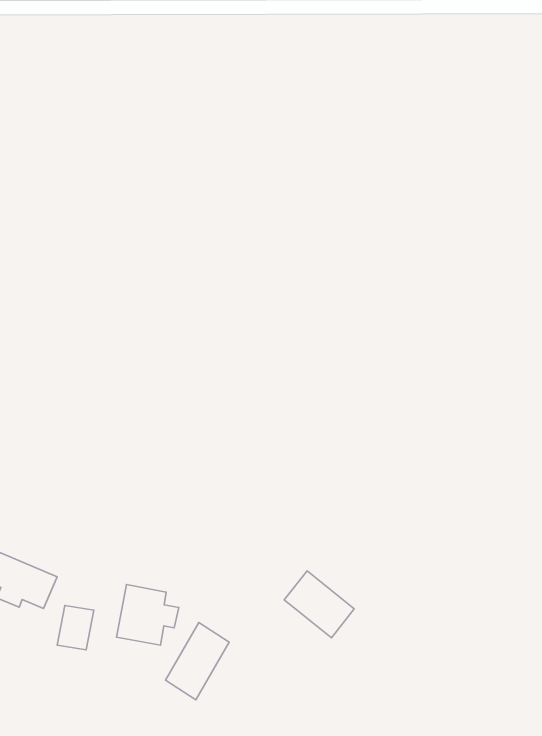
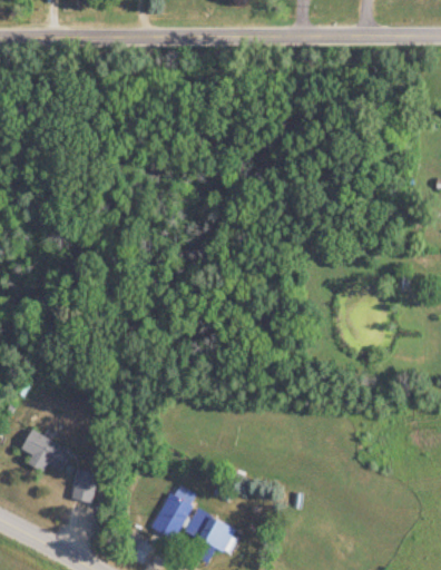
building: [284,571,354,638] -> [184,505,235,554]
building: [117,584,179,645] -> none

